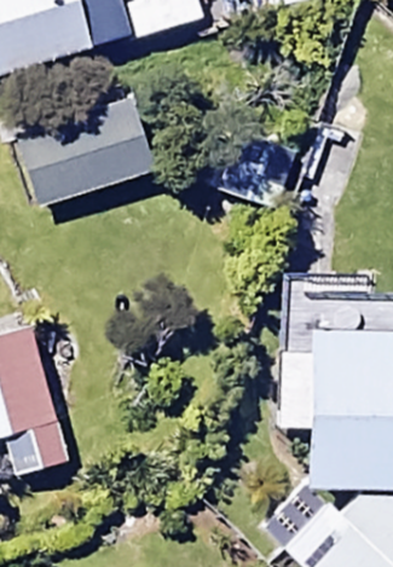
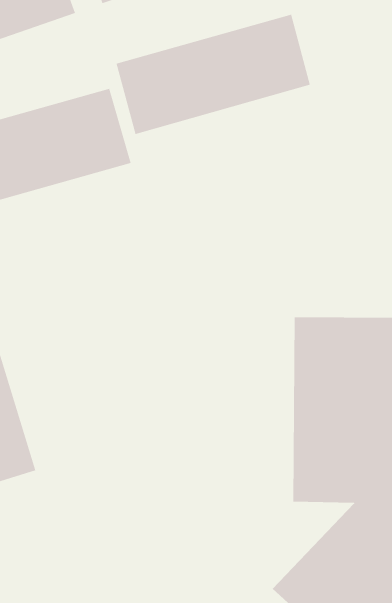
building: none -> [116,14,311,135]

